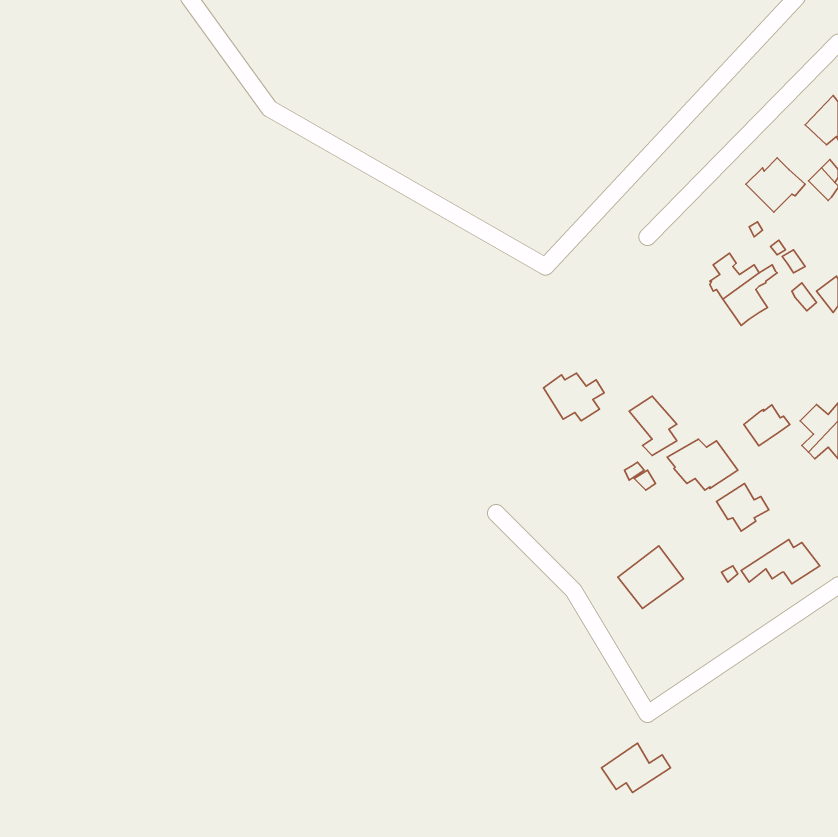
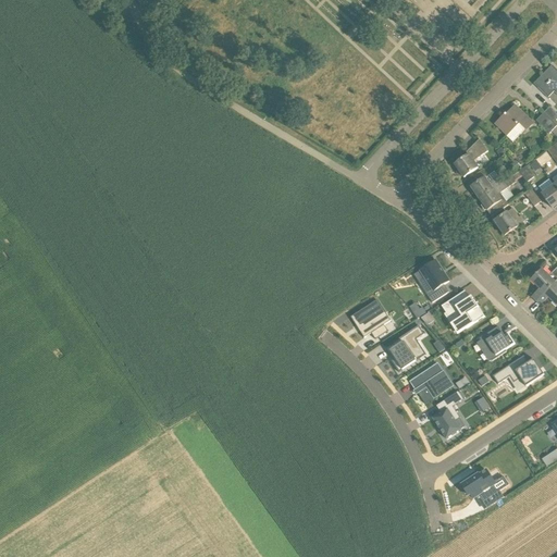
building: none -> [454,140,484,176]
building: [544,373,604,421] -> [356,302,396,334]
building: [744,405,790,446] -> [494,207,524,234]
building: none -> [387,322,426,369]
building: none -> [433,392,462,438]
building: [601,743,670,793] -> [460,469,506,502]

